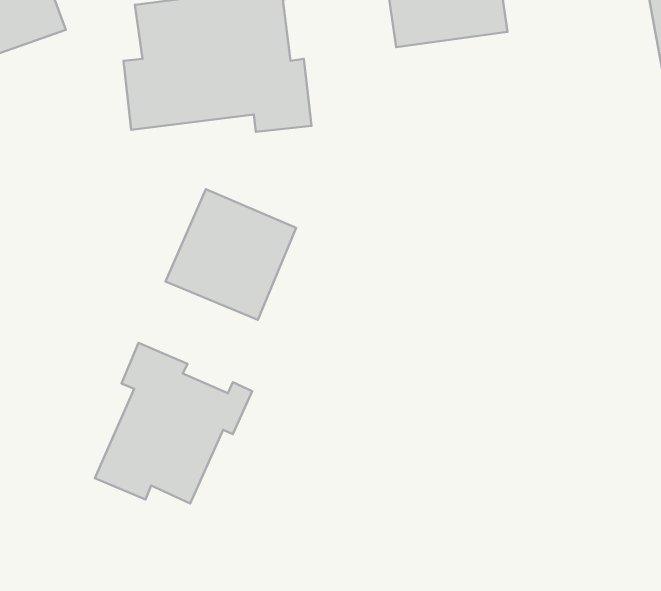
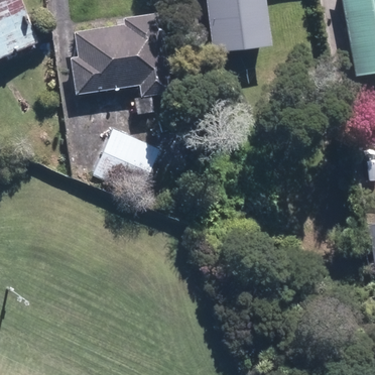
building: [95,343,252,503] -> none

